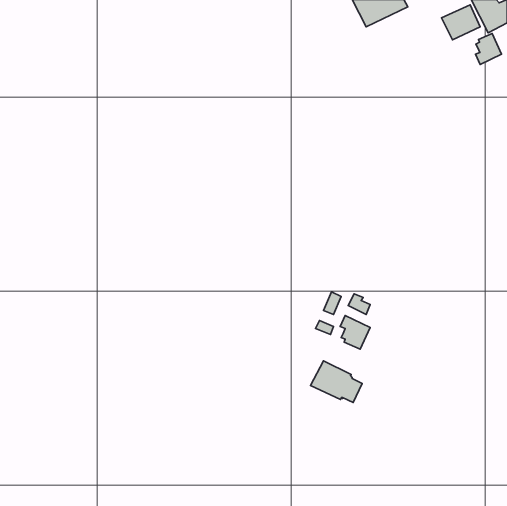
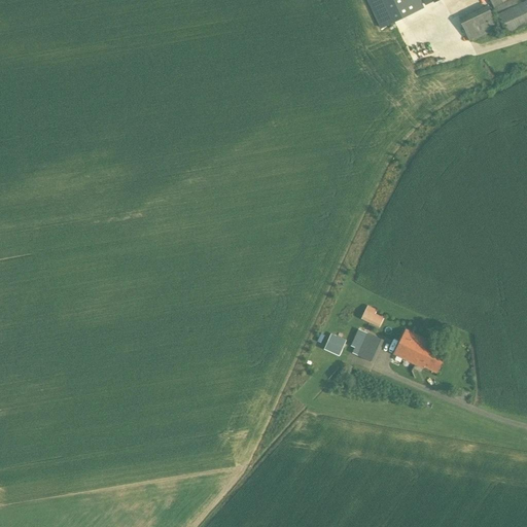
building: [475,34,501,64] -> none
building: [311,361,362,402] -> [392,328,446,372]

